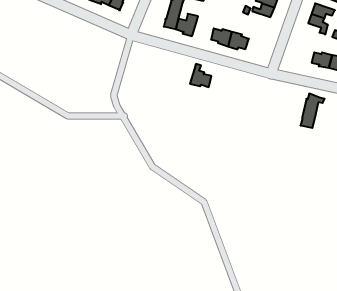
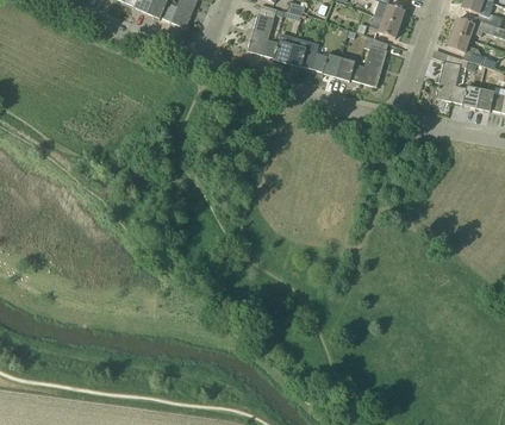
building: none -> [360,35,387,86]
building: [190,64,211,87] -> [286,36,316,68]
building: [300,94,325,128] -> [435,52,468,100]

